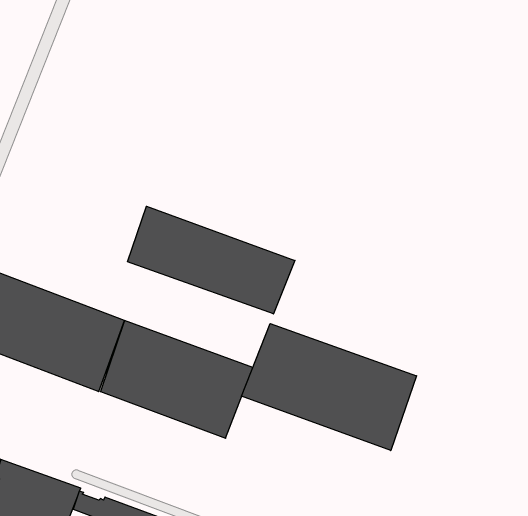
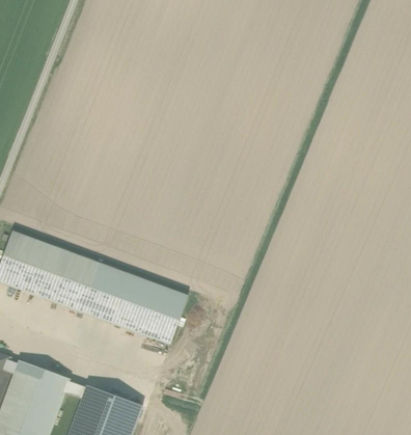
building: [128,206,295,314] -> none
building: [242,324,417,451] -> none

